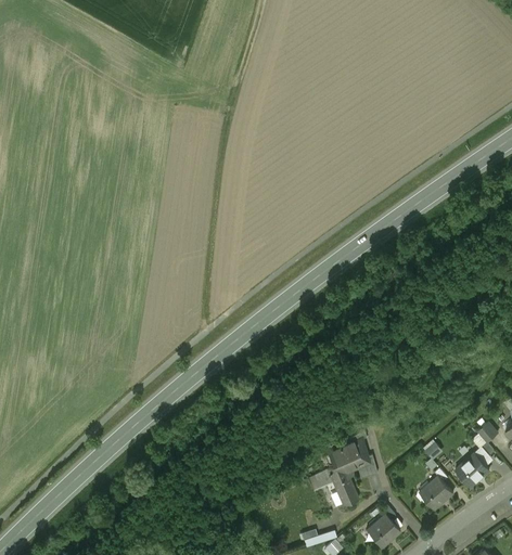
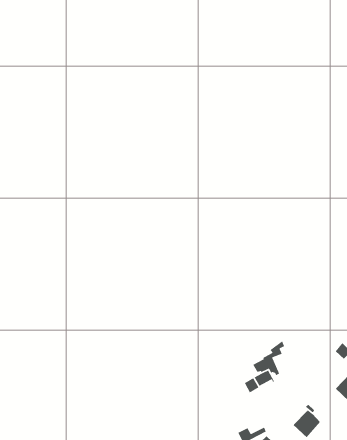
building: [351,447,376,477] -> none
building: [332,476,358,507] -> none

